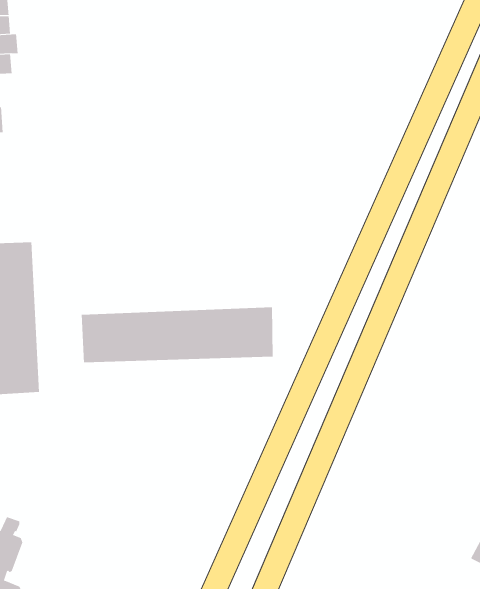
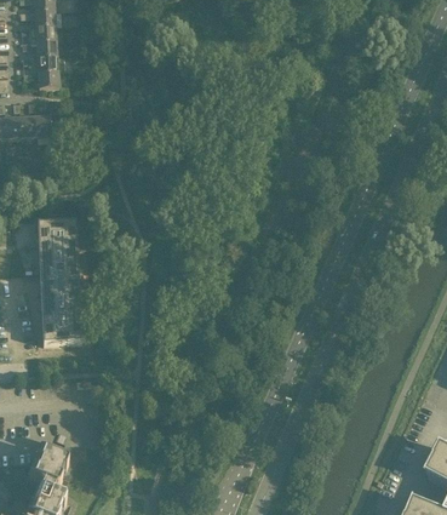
building: [81,306,273,363] -> none

